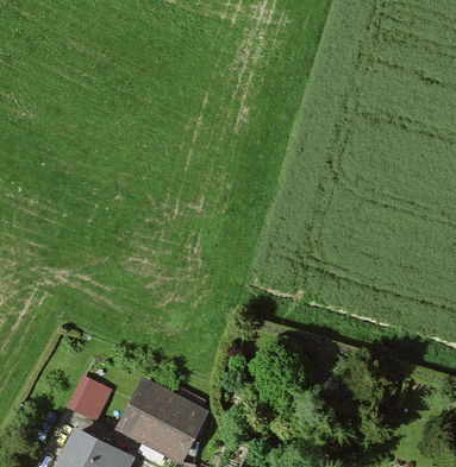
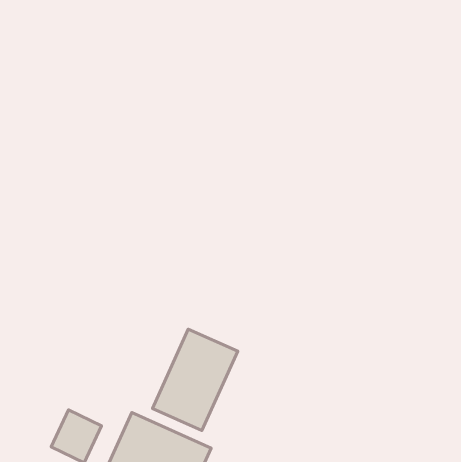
building: none -> [152,329,238,431]

